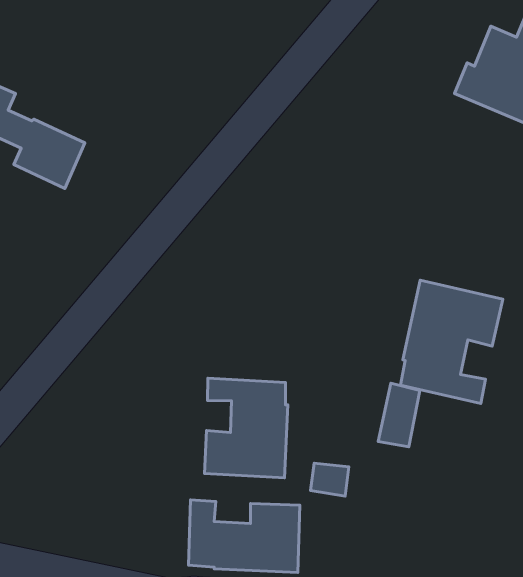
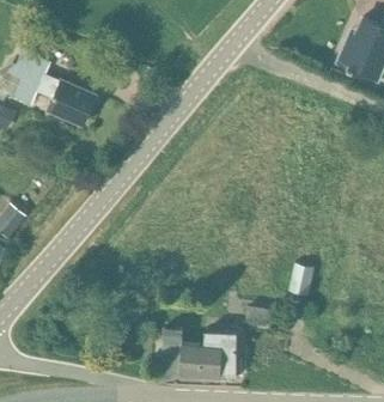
building: [401,280,503,404] -> none
building: [204,378,288,478] -> none

